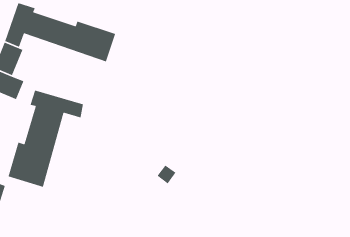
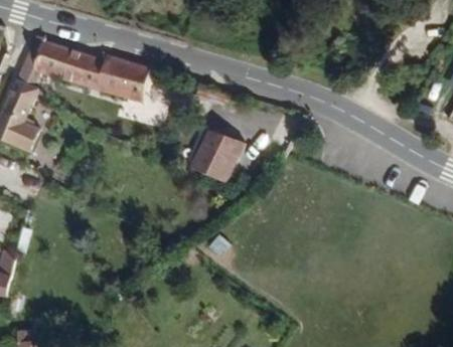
building: none -> [189,132,244,186]
building: [7,89,84,188] -> none

